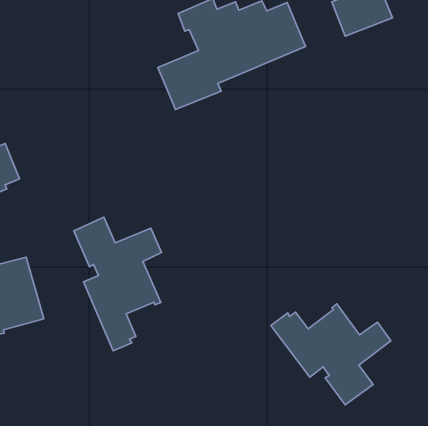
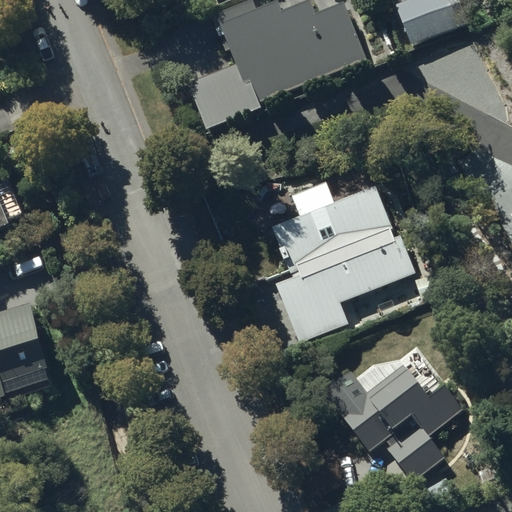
building: none -> [272,179,435,341]
building: [74,217,162,351] -> none

